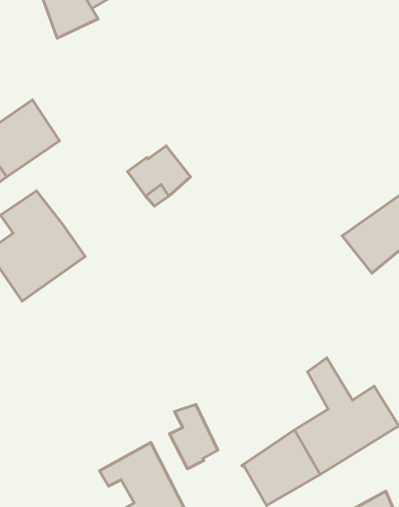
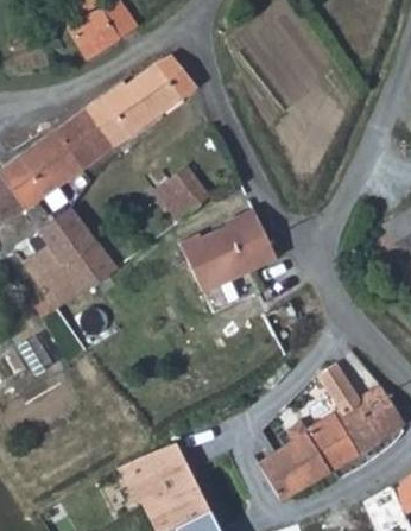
building: none -> [67,56,198,162]
building: none -> [179,208,274,292]
building: [170,404,218,469] -> none

